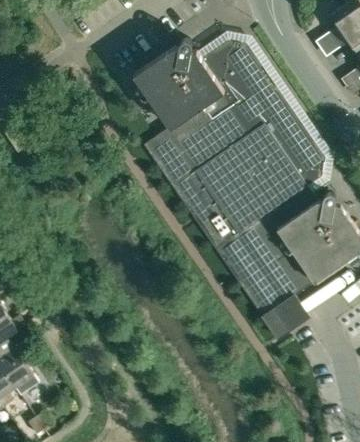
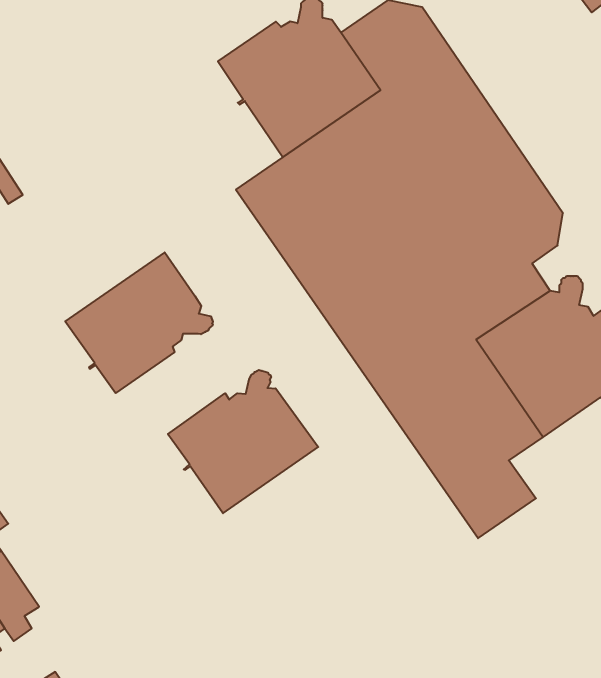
building: none -> [65,252,213,393]
building: none -> [168,370,318,513]

